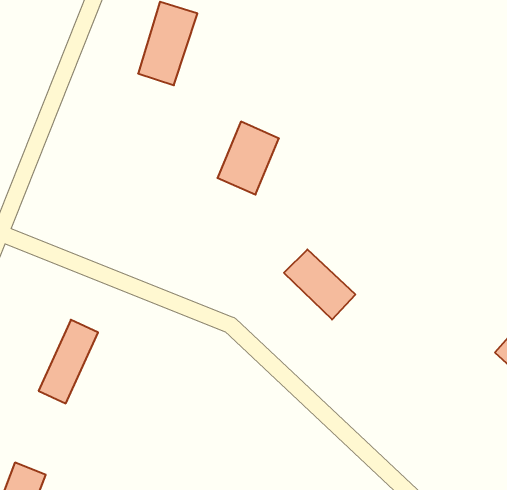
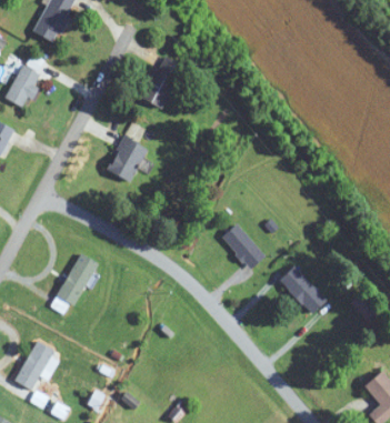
building: [217,122,279,195] -> [106,135,148,183]
building: none -> [279,265,329,315]

